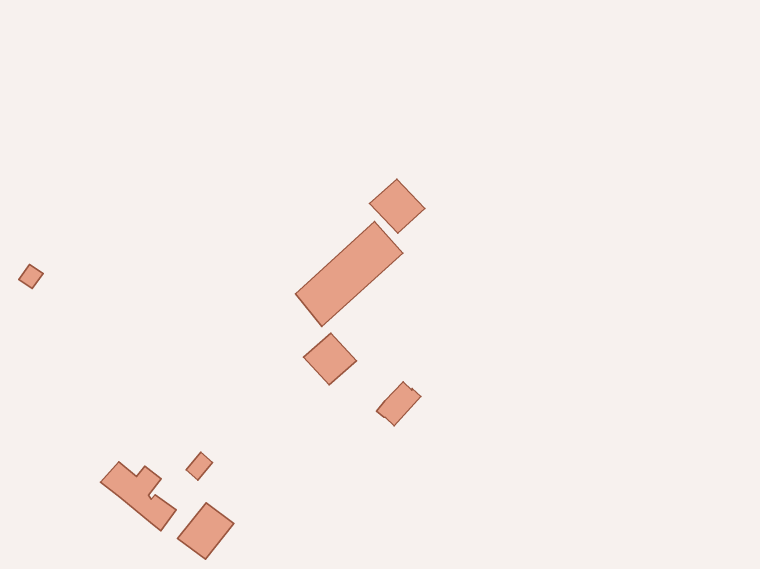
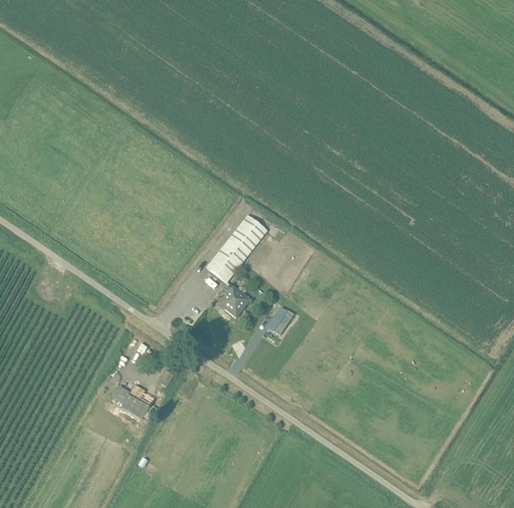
building: [370,179,425,233] -> none
building: [177,503,234,559] -> none

